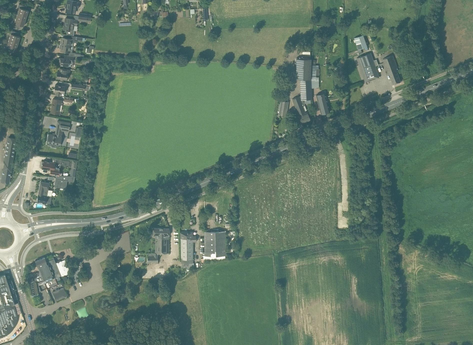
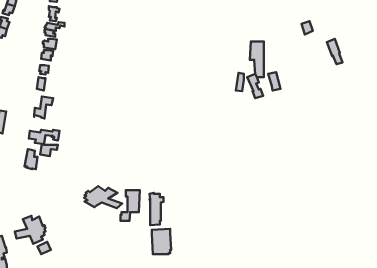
building: [357,52,379,81] -> none
building: none -> [84,186,122,208]
building: [204,230,226,259] -> [152,229,171,254]

